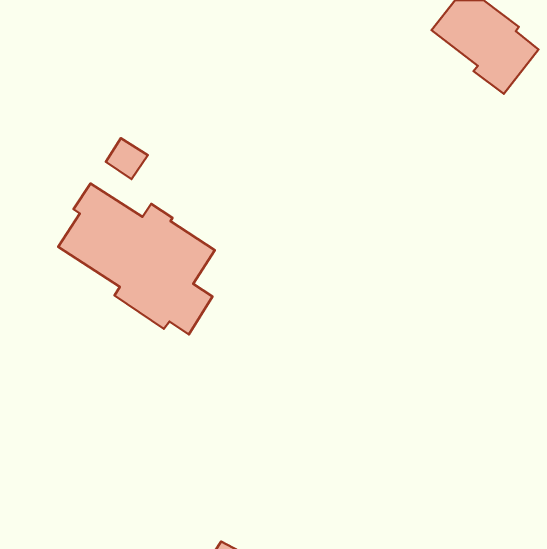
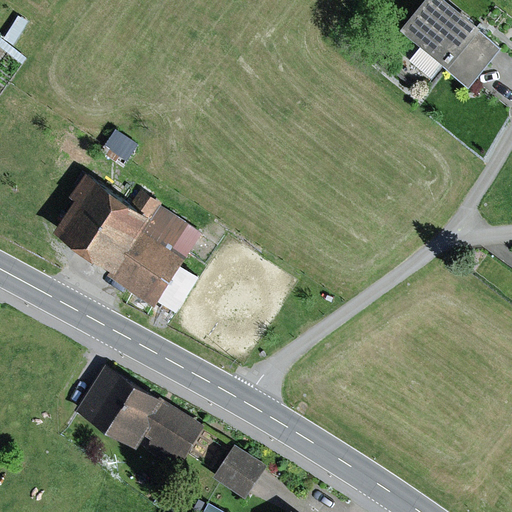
building: none -> [75,364,206,471]
building: none -> [213,446,265,498]

